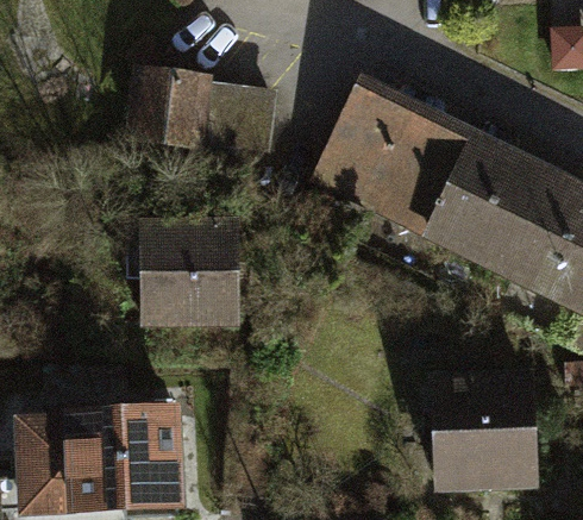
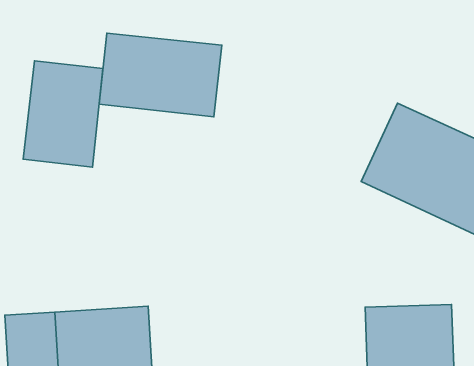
building: none -> [23,61,103,167]
building: [330,99,483,244] -> none
building: [142,225,242,320] -> none

